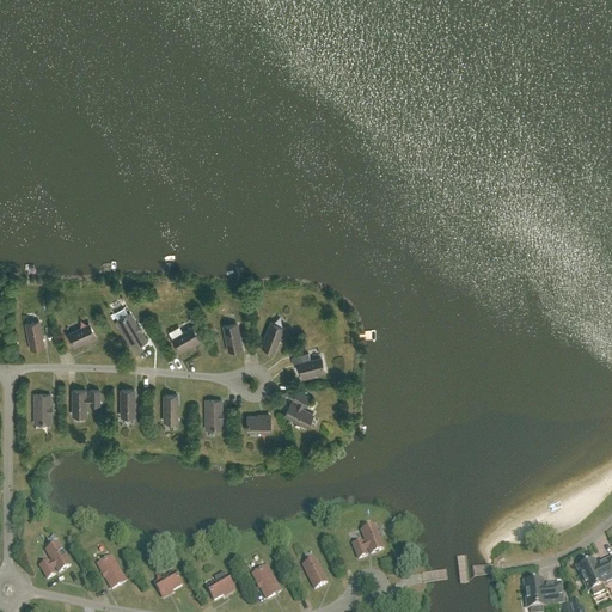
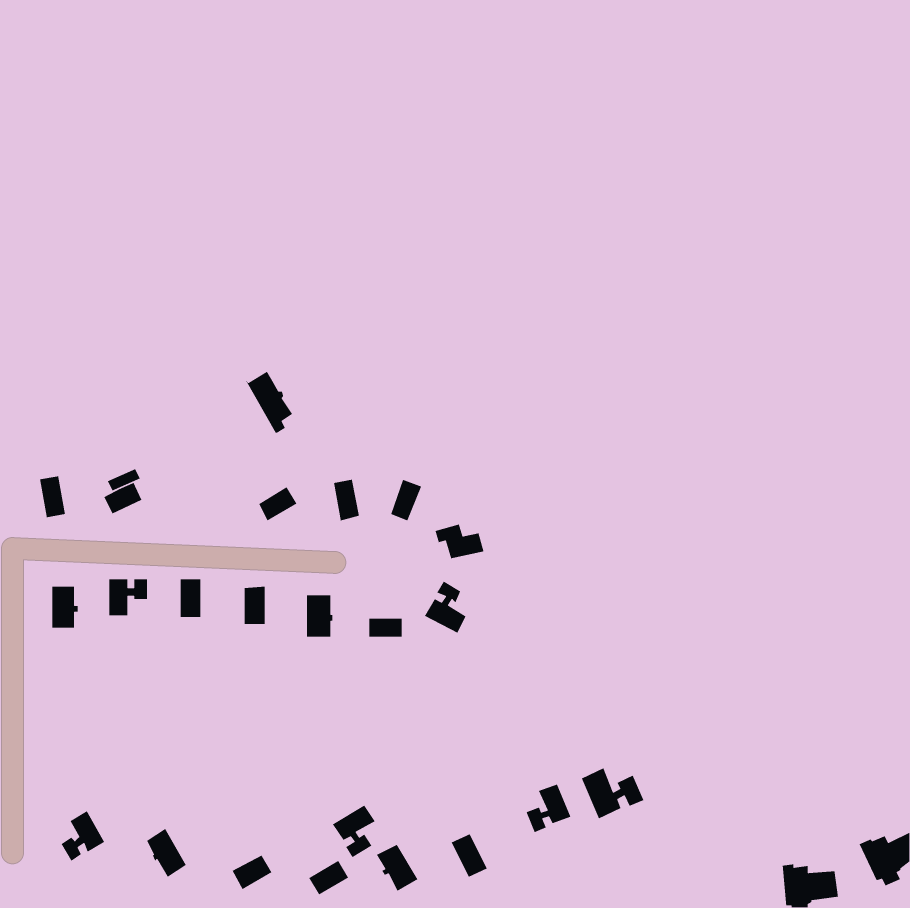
building: [115,310,147,353] -> [245,370,293,434]
building: none -> [581,767,644,820]
building: none -> [332,805,376,858]

